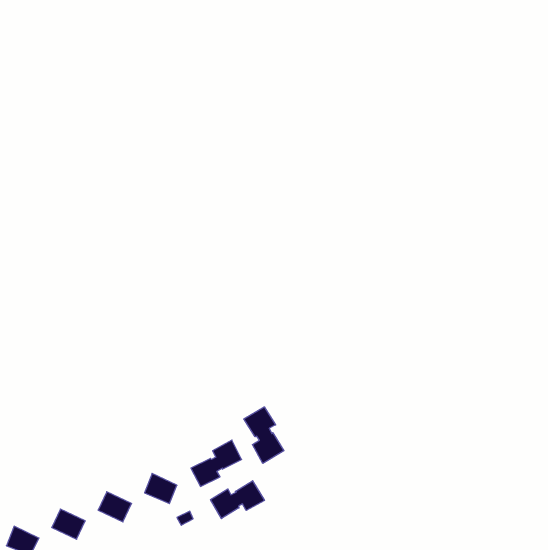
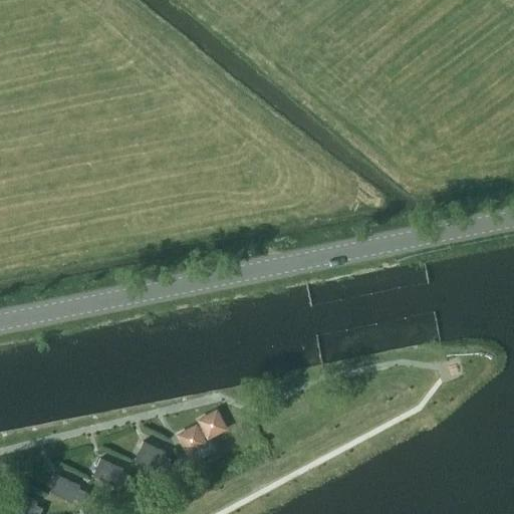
building: [244,407,284,463] -> none
building: [211,481,264,519] -> none

